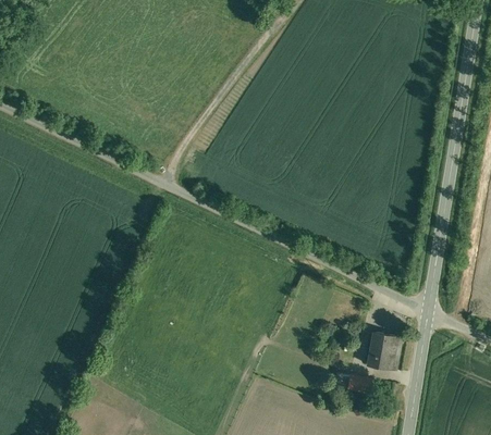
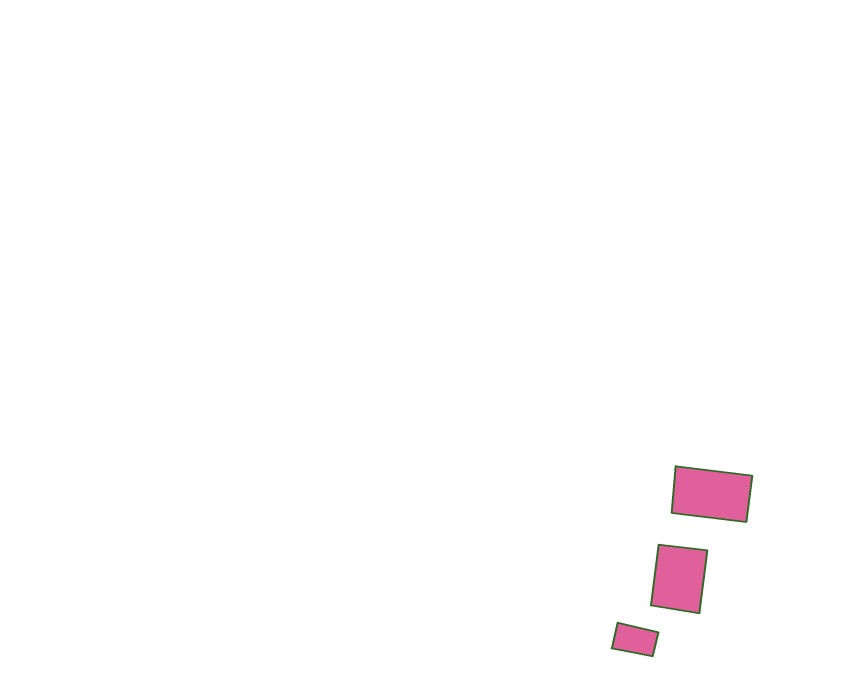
building: none -> [672,466,752,522]

